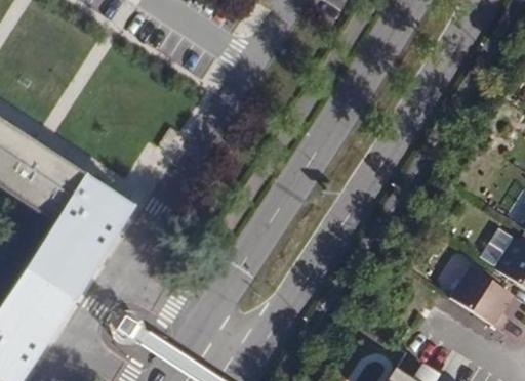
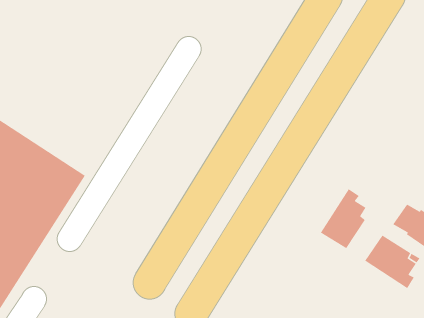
building: none -> [320,188,367,249]

